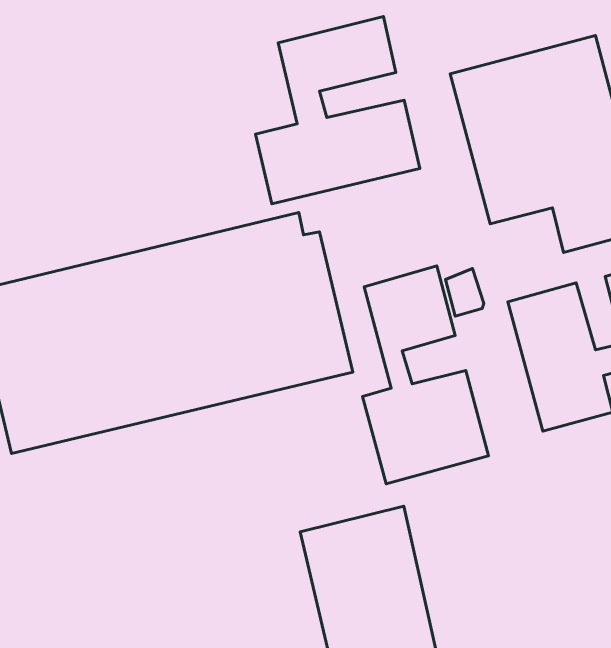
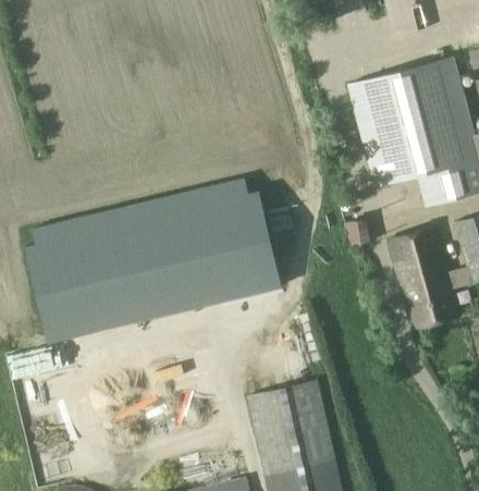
building: [255,17,420,204] -> none
building: [362,266,489,484] -> none

